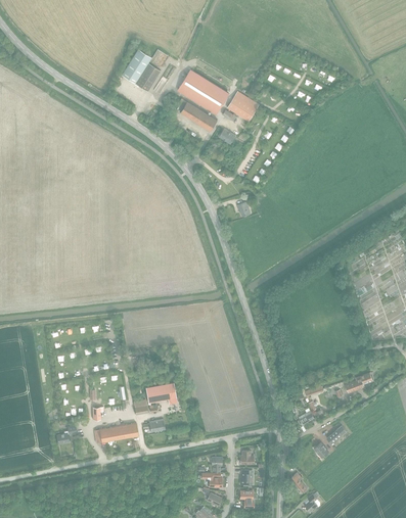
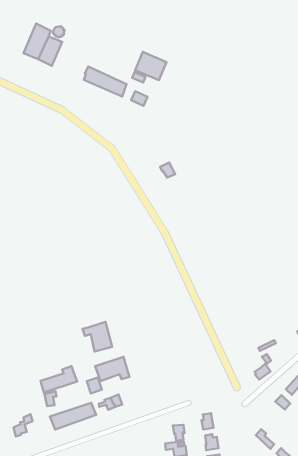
building: [178,70,229,114] -> none
building: none -> [82,322,112,352]
building: none -> [40,366,77,393]

